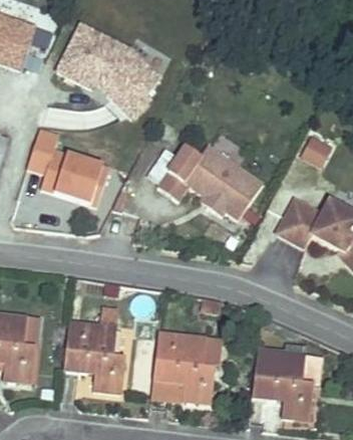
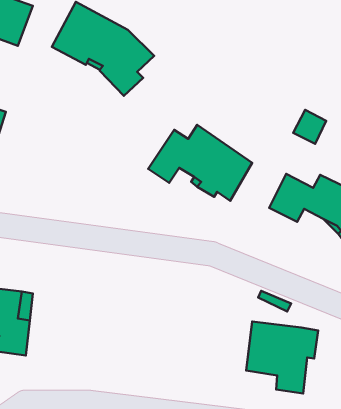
building: [27,133,106,206] -> none
building: [64,305,126,391] -> none
building: [151,329,220,405] -> none

